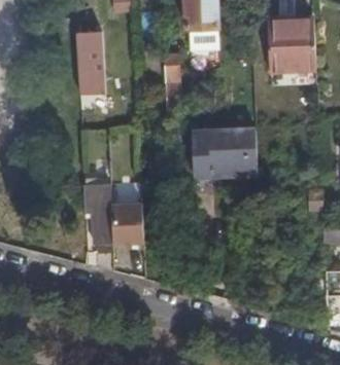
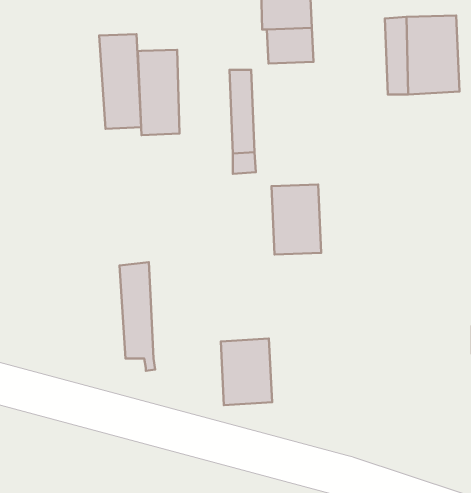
building: none -> [138,50,179,135]
building: [222,129,257,175] -> none
building: [110,200,144,245] -> [221,339,272,405]

